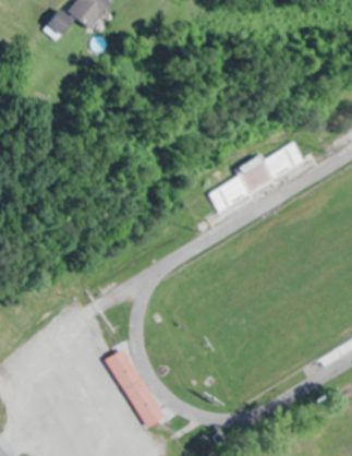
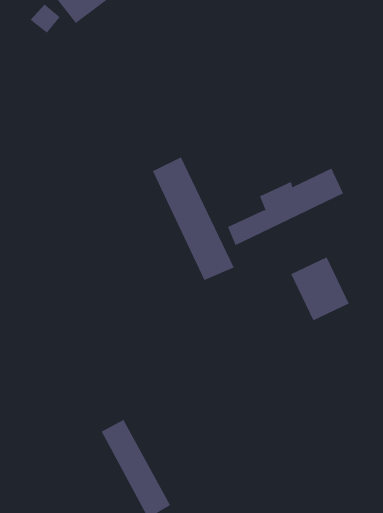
building: none -> [152,157,234,281]
building: none -> [290,257,349,321]

